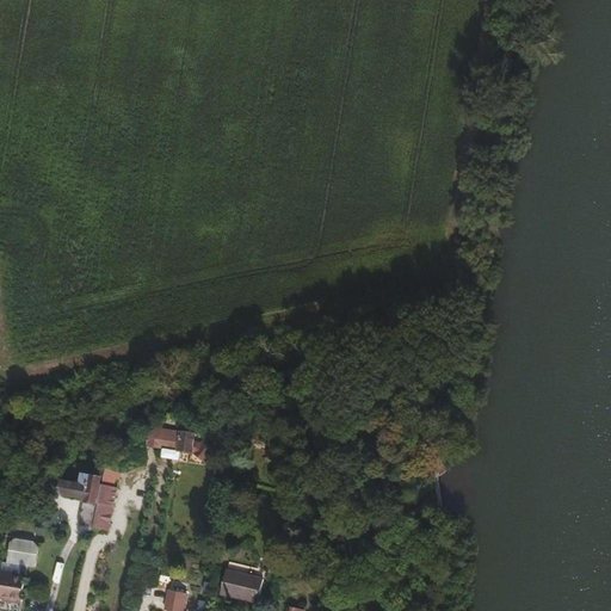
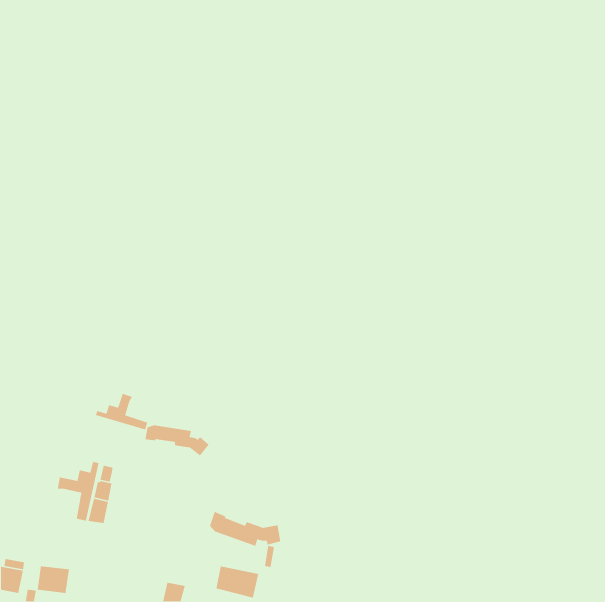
building: none -> [95,393,148,431]
building: none -> [209,511,281,547]
building: [6,535,39,563] -> [37,565,70,594]

